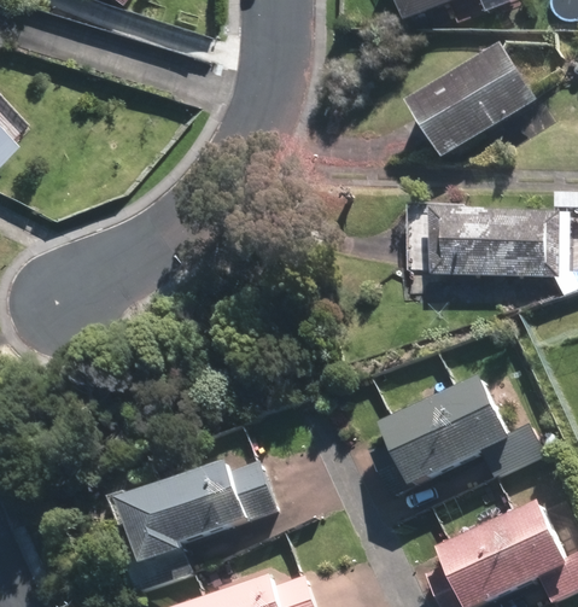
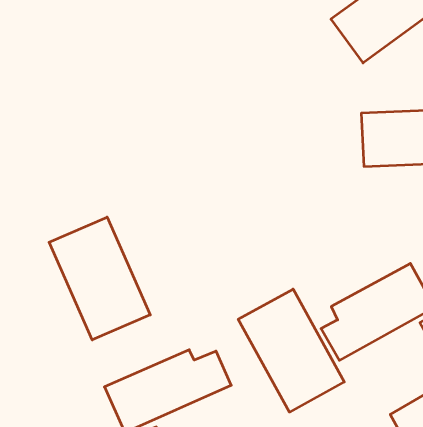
building: none -> [49,217,150,340]
building: none -> [238,289,344,412]

